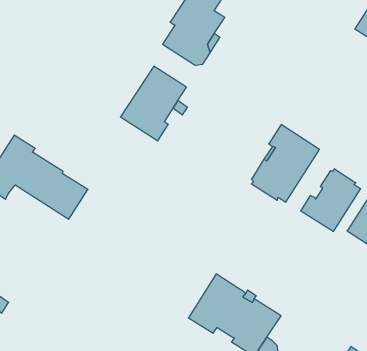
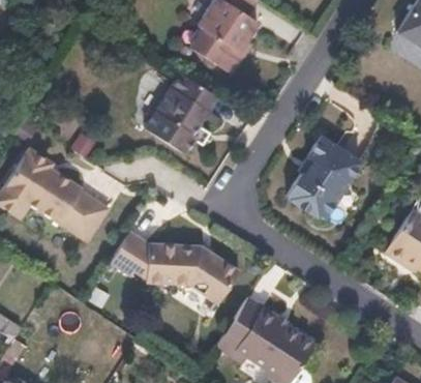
building: [301,169,360,231] -> none
building: none -> [112,228,240,305]

